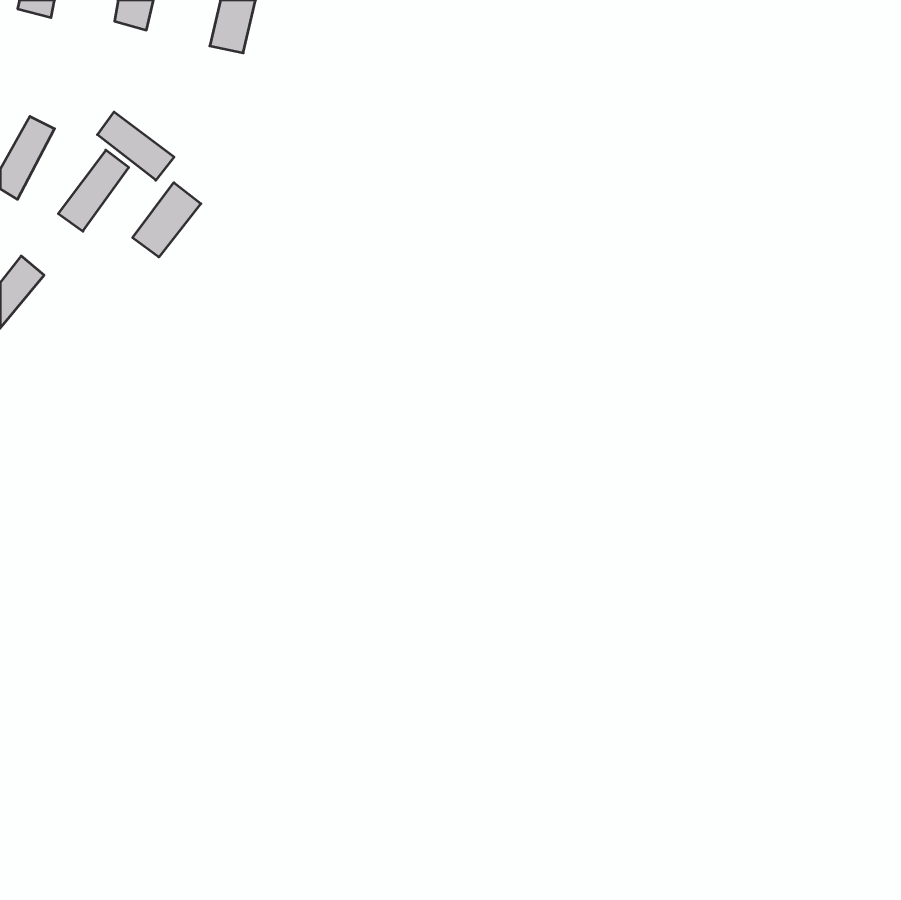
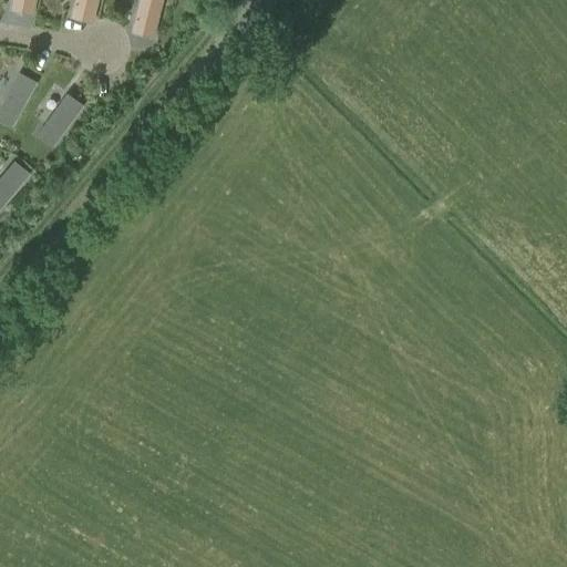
building: [97,112,174,180] -> none
building: [133,183,201,257] -> none

